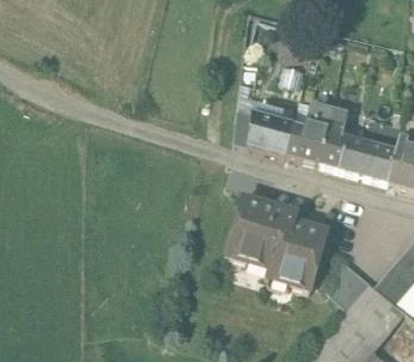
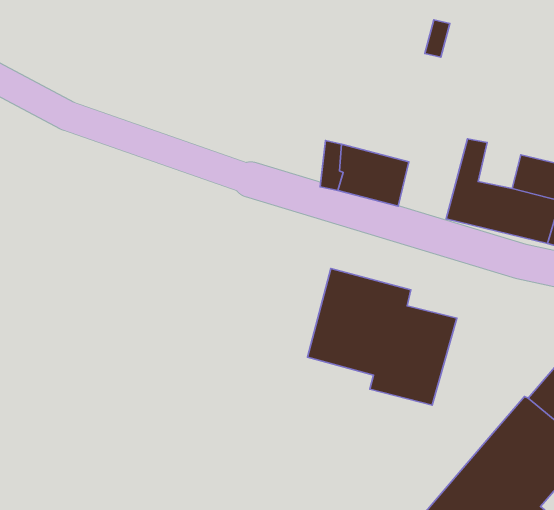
building: [288,103,335,163] -> none
building: [328,259,373,309] -> none

